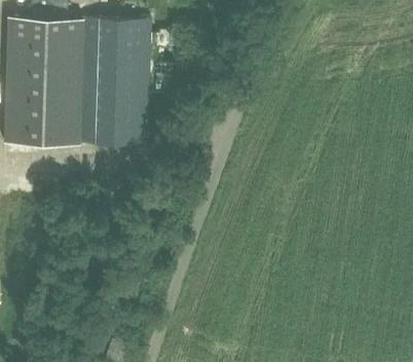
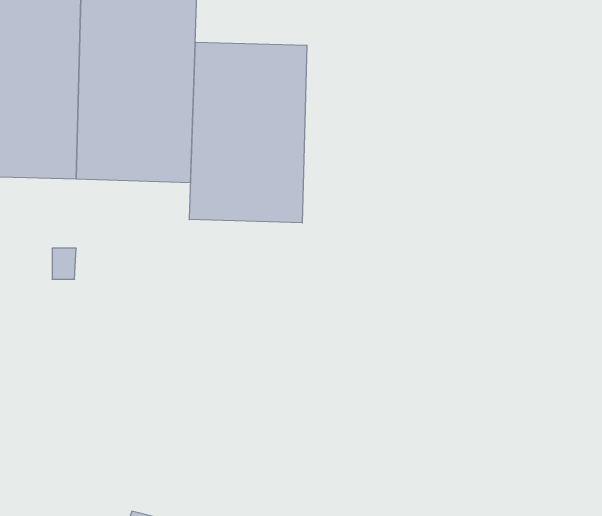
building: none -> [189,42,307,223]

